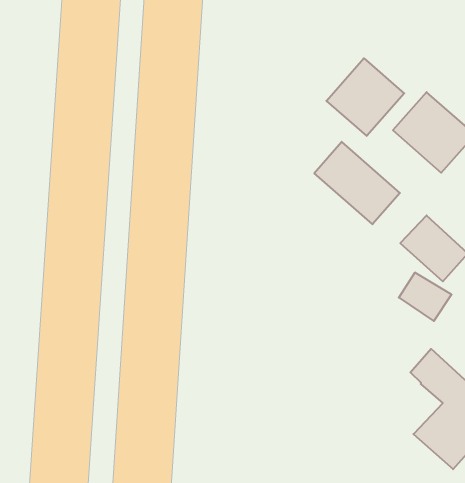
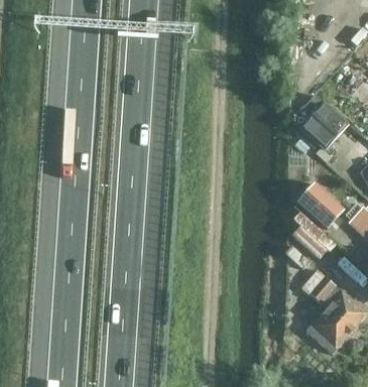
building: [326,58,404,136] -> none
building: [314,142,400,224] -> none

